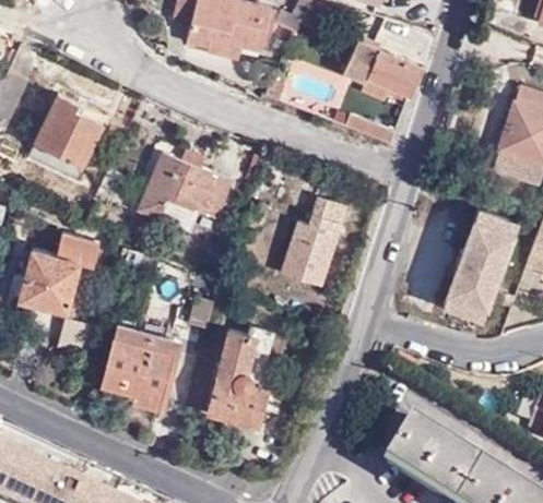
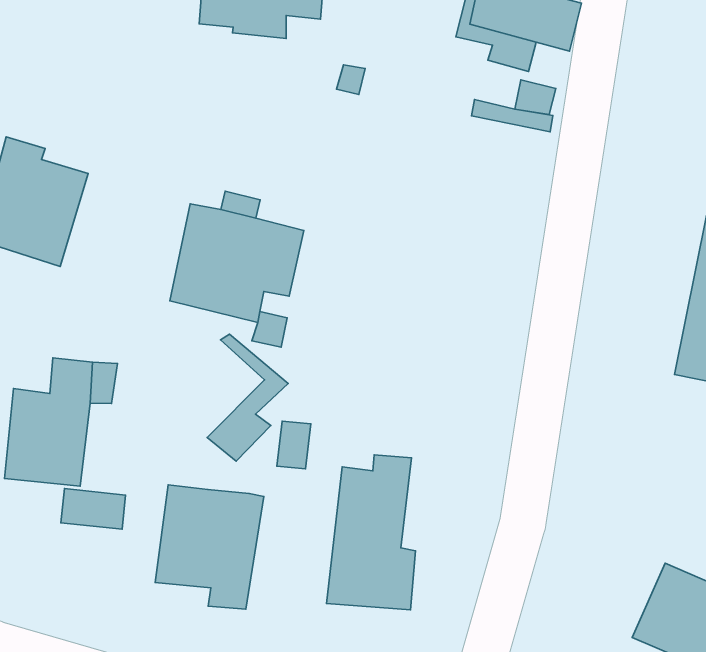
building: [280,197,344,286] -> none
building: none -> [207,334,288,461]

